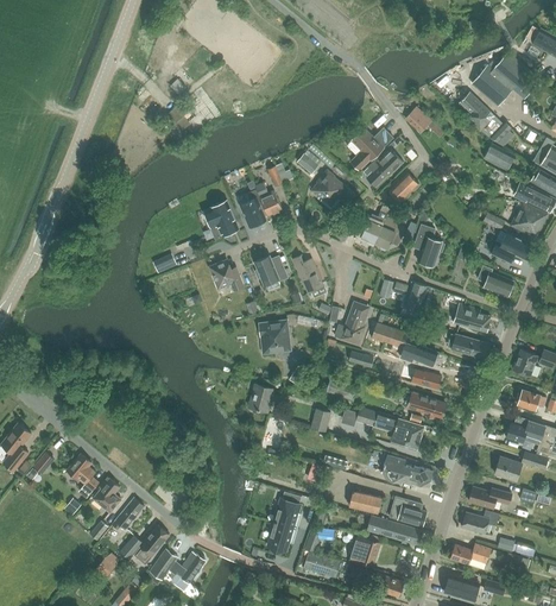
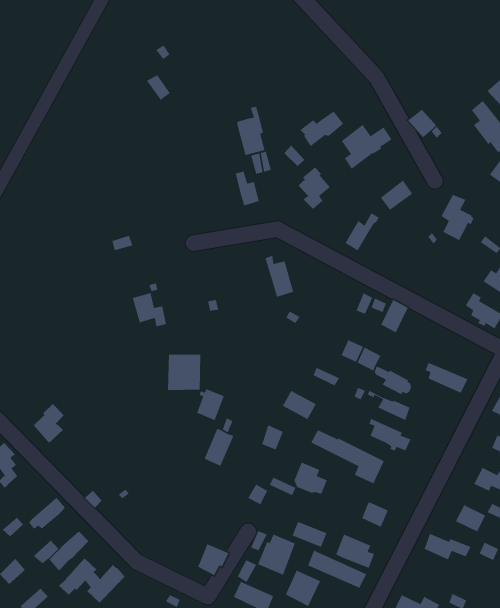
building: [364,151,403,187] -> [300,111,344,147]
building: [236,181,266,227] -> [236,106,265,156]
building: [204,201,239,238] -> none
building: [375,217,404,250] -> none
building: [413,225,444,266] -> [440,194,475,241]
building: [255,255,289,285] -> none
building: [209,260,244,291] -> [132,292,167,327]
building: [335,301,371,343] -> none
building: [457,304,491,332] -> none
building: [258,318,291,355] -> [167,354,201,391]
building: [383,454,413,481] -> [293,462,328,495]
building: [93,476,121,513] -> [33,403,65,444]
building: [271,491,303,528] -> [257,533,296,576]
building: [462,510,499,534] -> none

